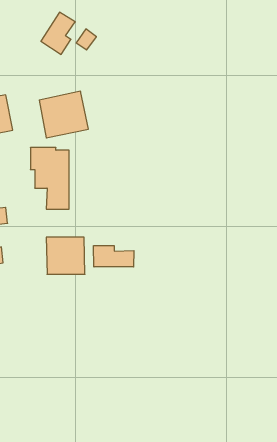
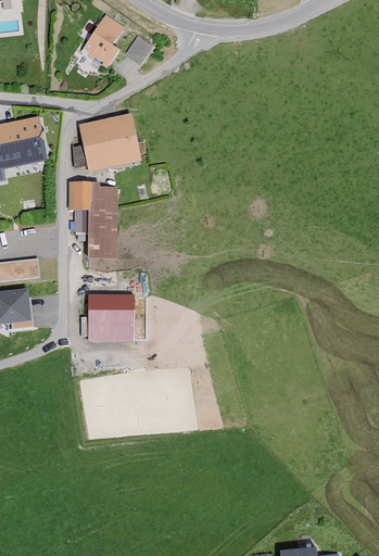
building: [94,246,134,267] -> none

